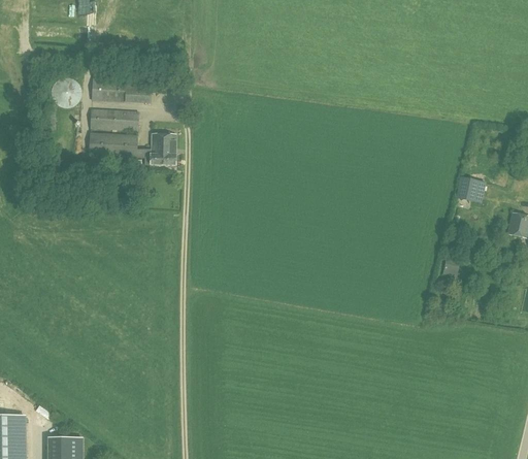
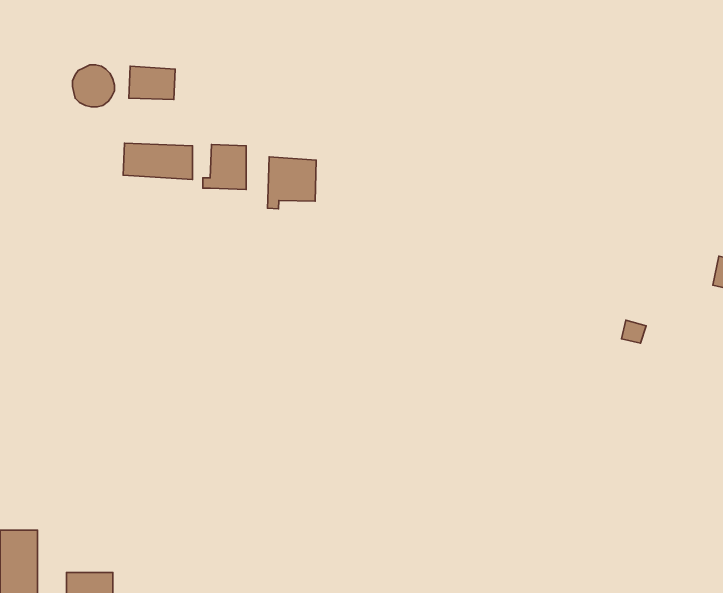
building: [89,108,138,131] -> none
building: none -> [267,157,316,209]
building: [456,177,485,202] -> none

